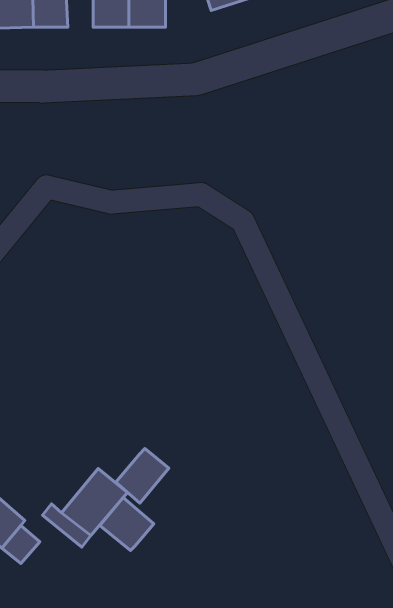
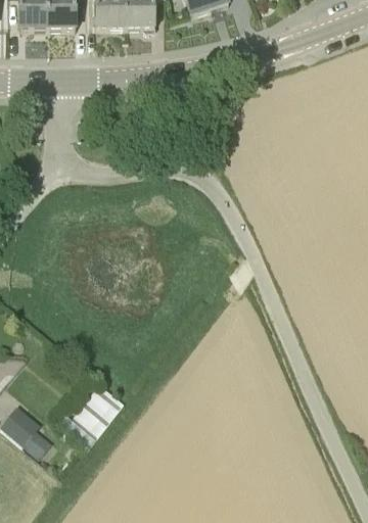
building: [116,449,169,503] -> none
building: [100,498,154,551] -> none

